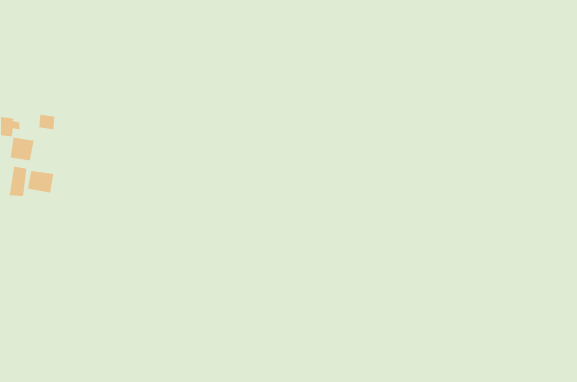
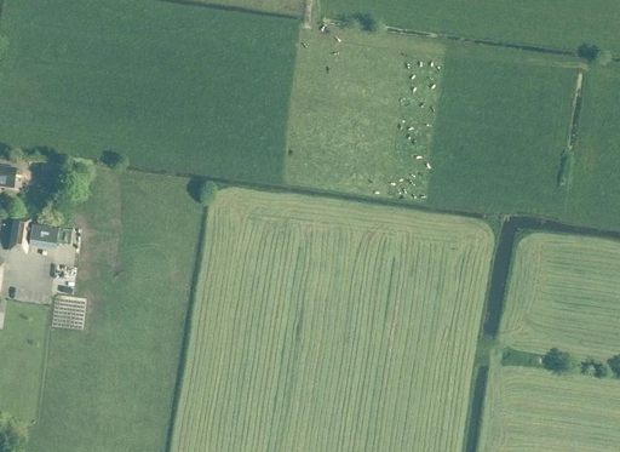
building: [10,137,34,161] -> none

